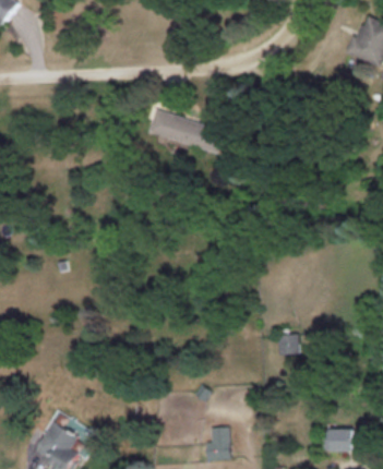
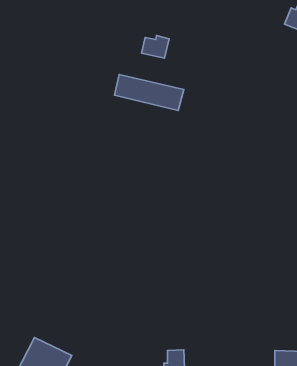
building: none -> [141,36,169,58]
building: [276,334,298,354] -> none

